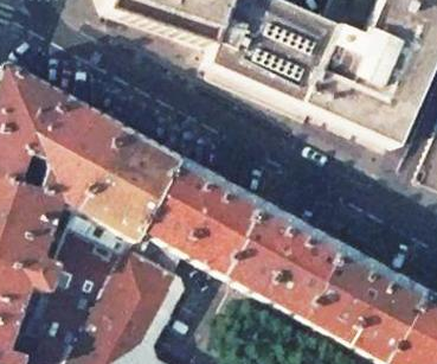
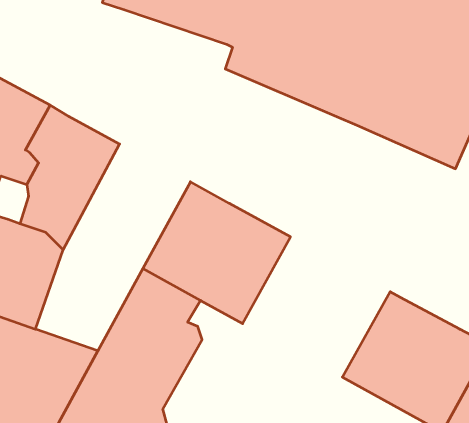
building: [53,129,180,299] -> none
building: [223,205,343,320] -> none

